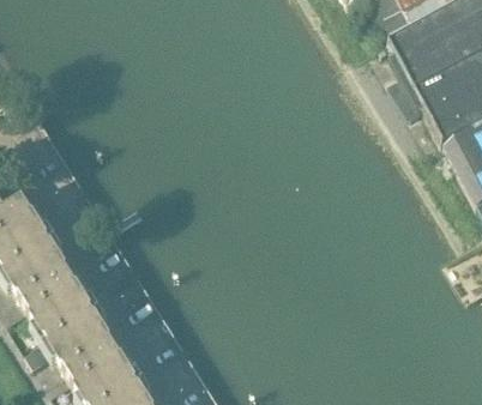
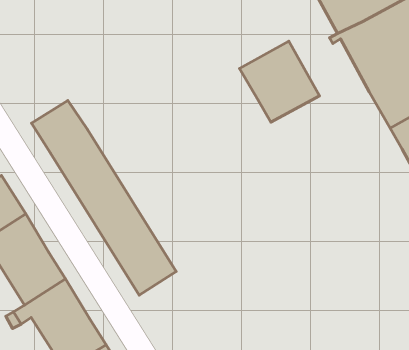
building: none -> [239,41,319,122]
building: none -> [31,101,176,295]

